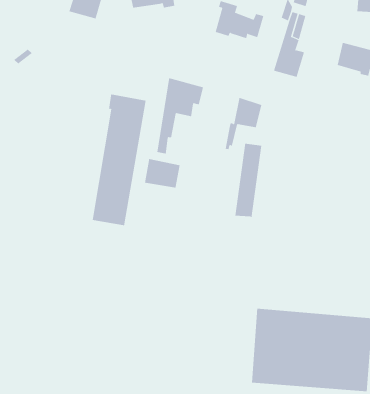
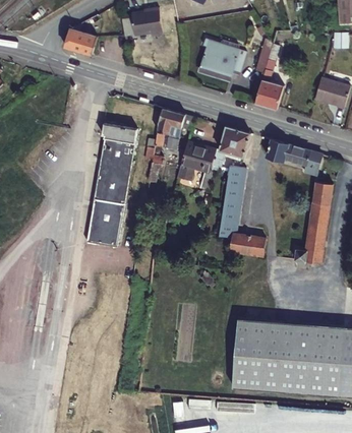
building: none -> [267,141,326,175]
building: none -> [292,182,331,266]
building: [144,158,181,188] -> [181,146,215,174]
building: none -> [234,238,269,259]

